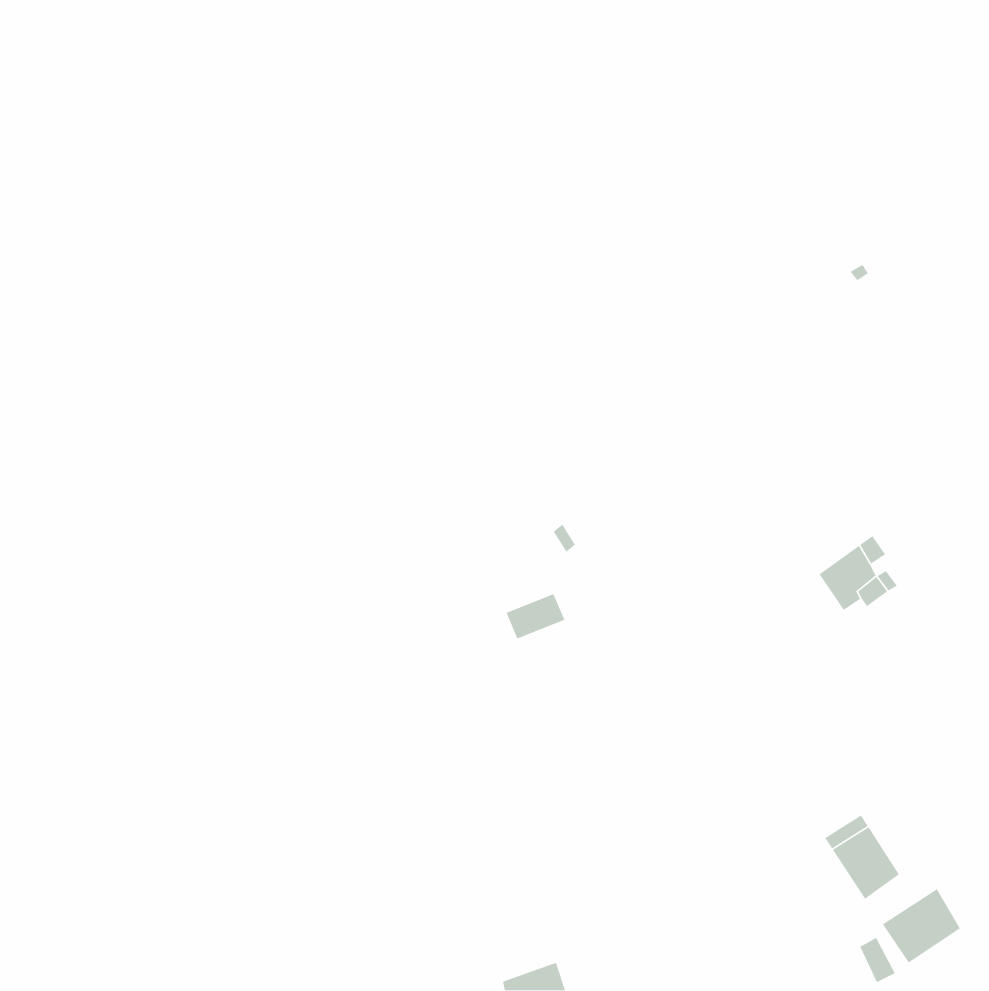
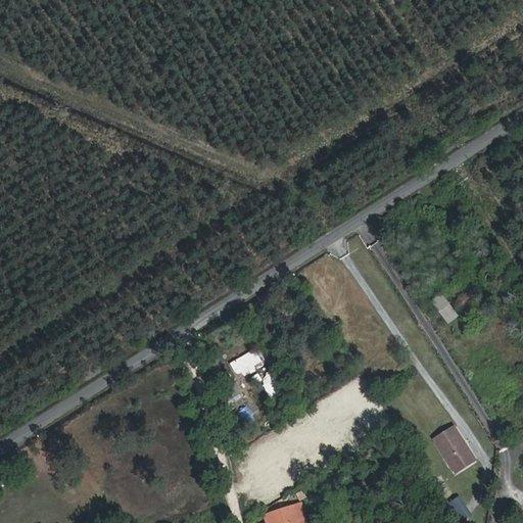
building: [505,593,565,640] -> [231,349,263,374]
building: [882,888,961,963] -> none

